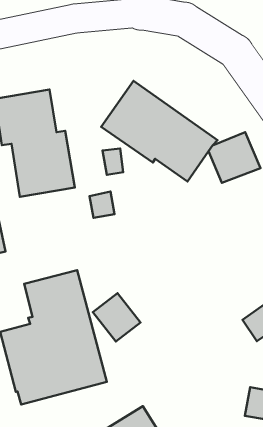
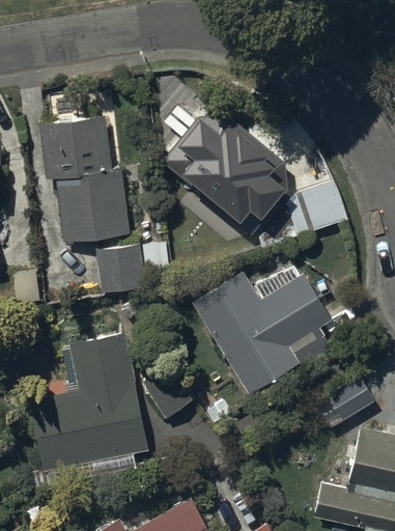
building: none -> [96,249,144,295]
building: none -> [191,270,334,393]

